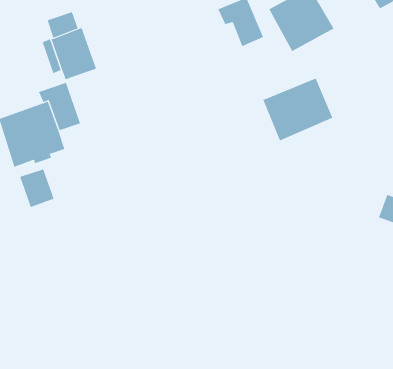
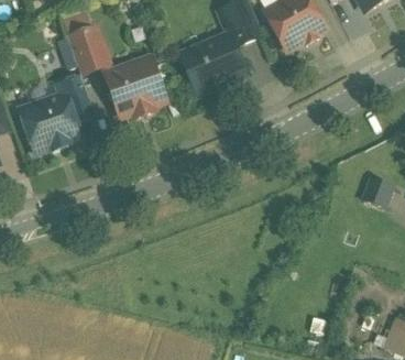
building: none -> [105,57,165,117]
building: [263,78,333,141] -> [180,35,244,92]
building: [19,168,54,208] -> none

